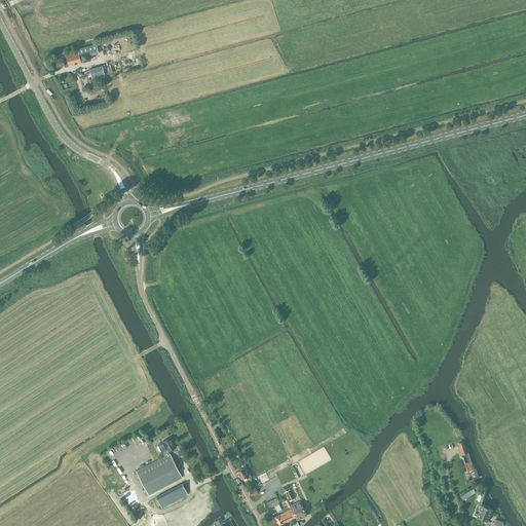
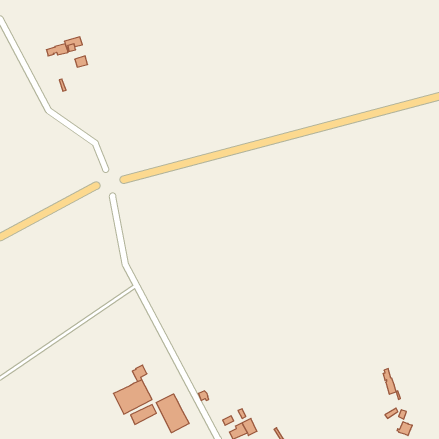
building: none -> [156,394,189,433]

